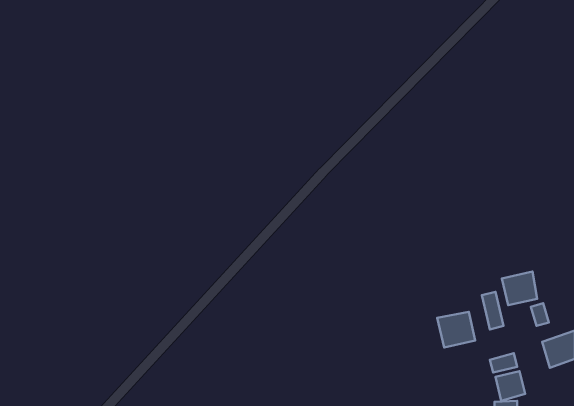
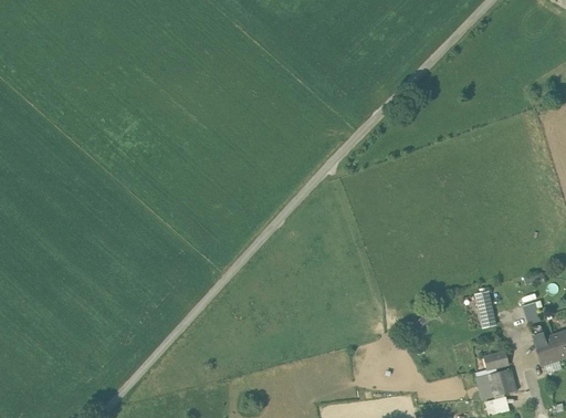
building: [502,271,537,305] -> none
building: [437,312,475,348] -> none

